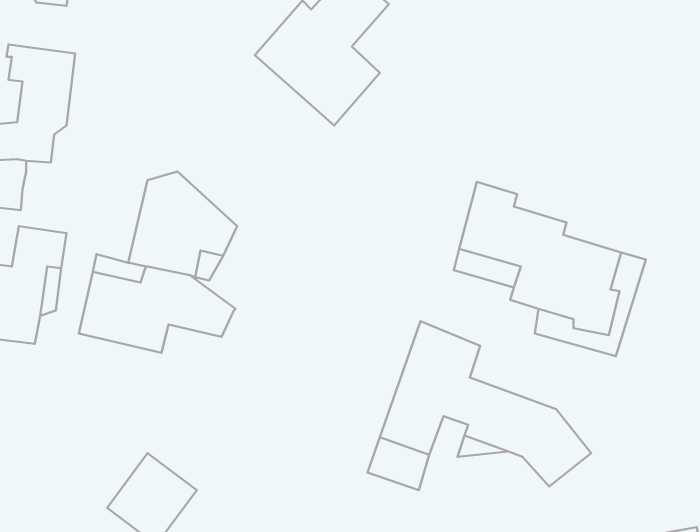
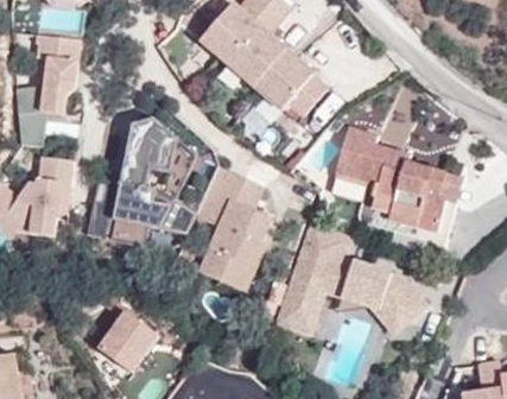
building: none -> [254,51,328,116]
building: none -> [186,163,262,286]

